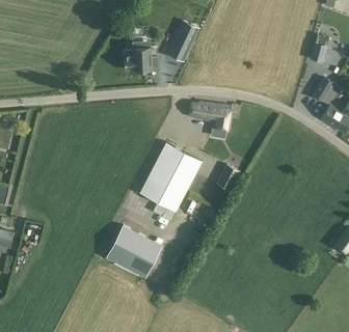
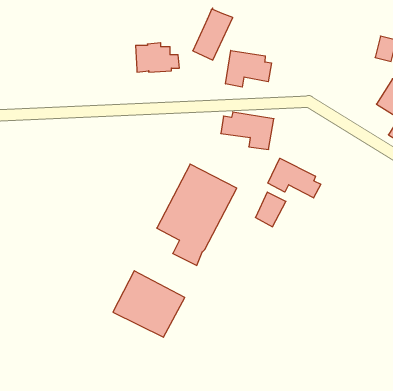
building: none -> [226,50,271,87]
building: none -> [268,158,321,198]

